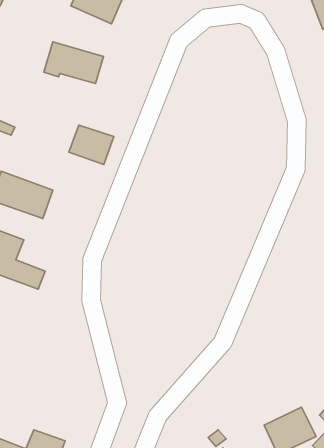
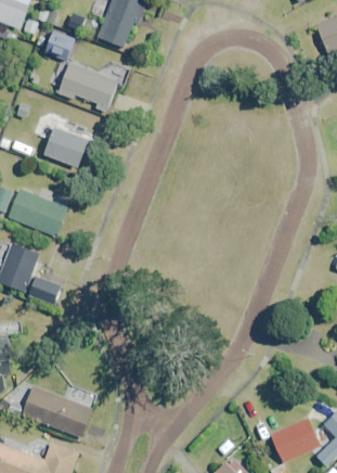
building: none -> [44,29,75,59]
building: [69,125,114,165] -> [43,129,87,167]
building: none -> [23,386,95,434]

